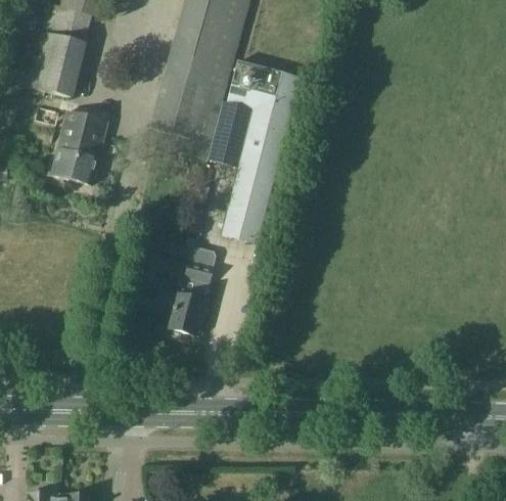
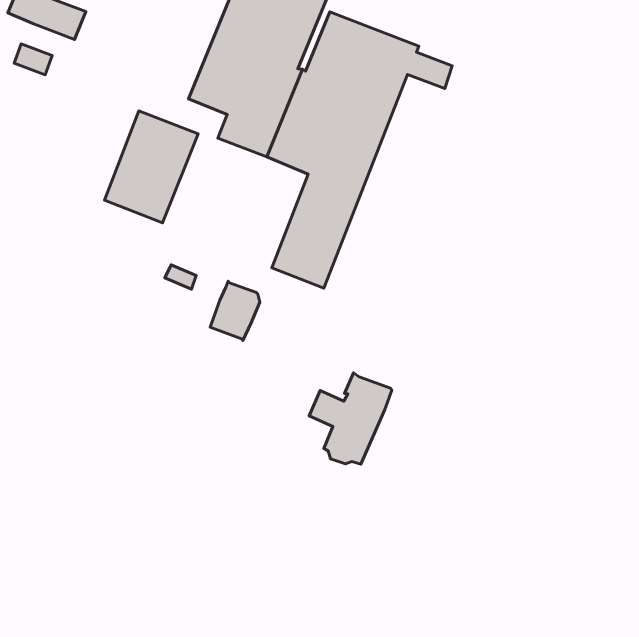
building: [52,110,108,182] -> [105,111,198,223]
building: [156,273,209,333] -> [309,373,392,464]

